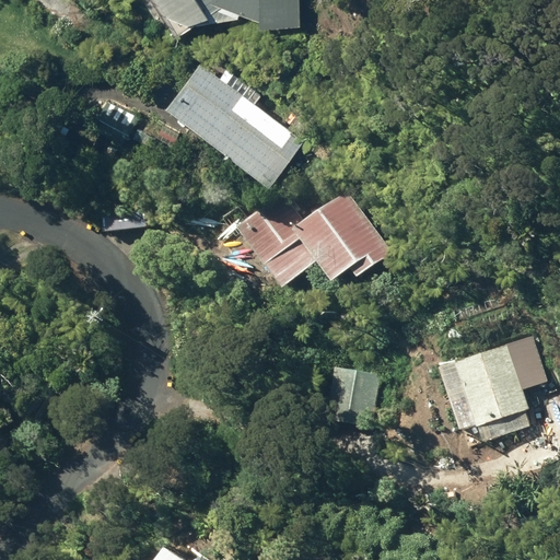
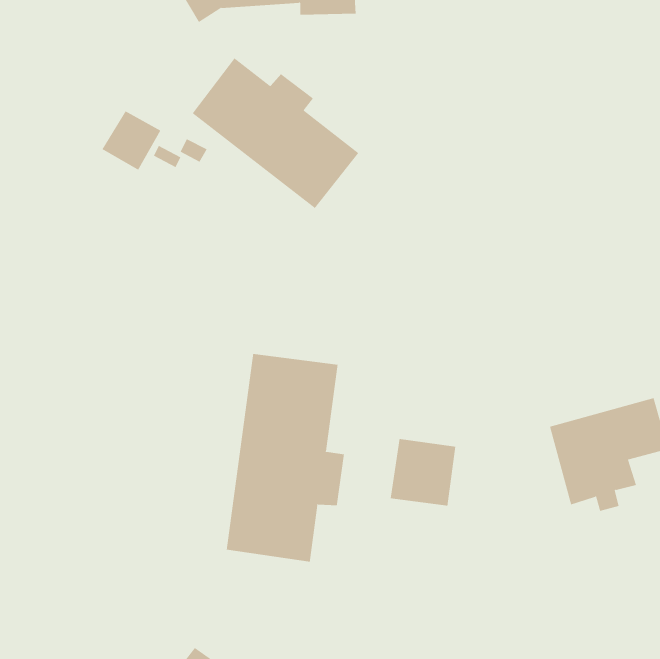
building: [238,192,390,285] -> none
building: none -> [226,353,345,562]

